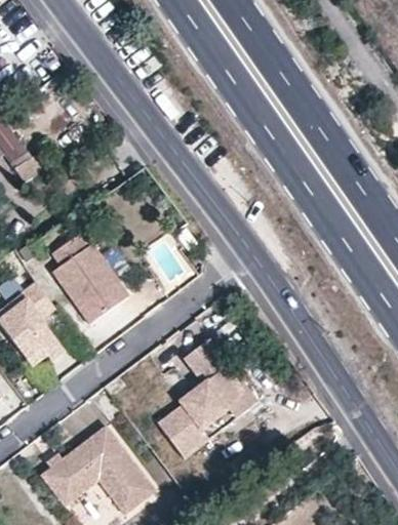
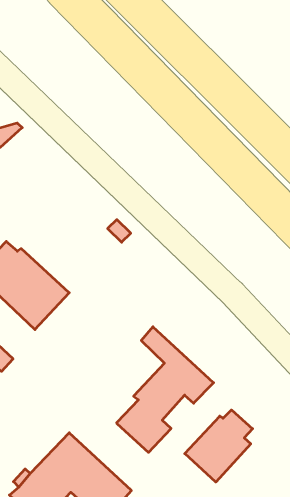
building: none -> [185,410,253,482]

